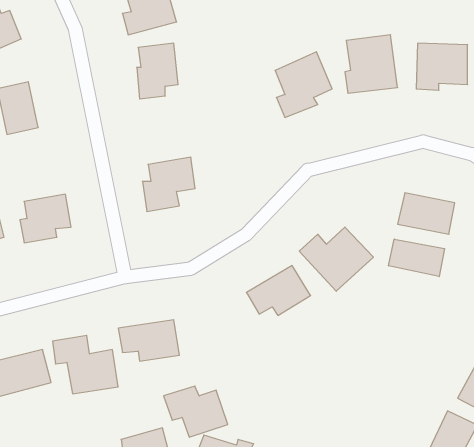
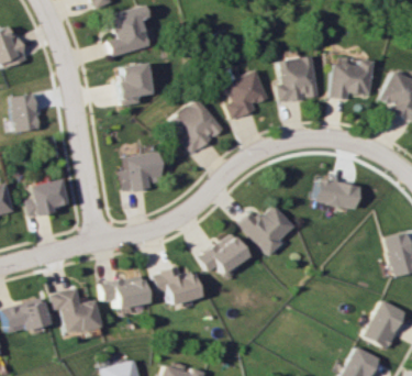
building: none -> [171,98,224,154]
building: [389,239,445,277] -> none
building: [164,386,228,437] -> [155,266,204,306]

